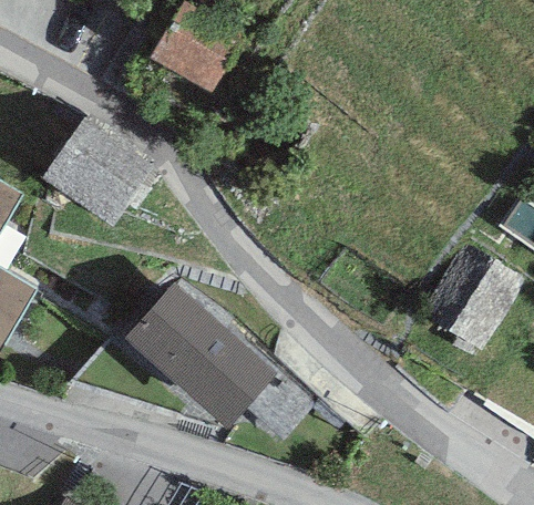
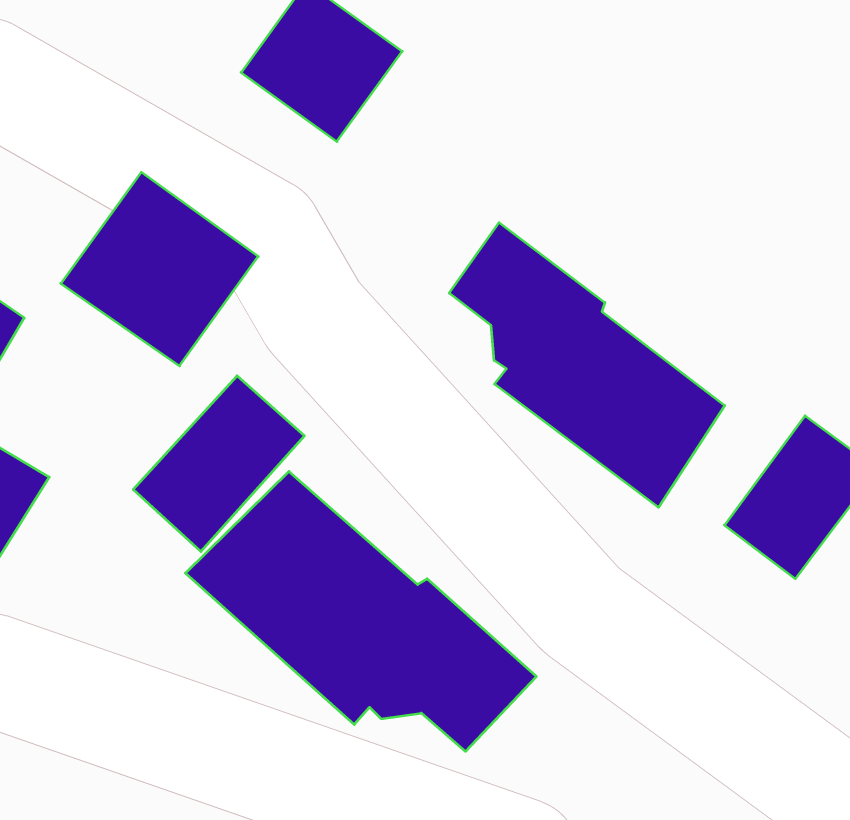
building: none -> [449,223,725,507]
building: none -> [133,376,304,552]

